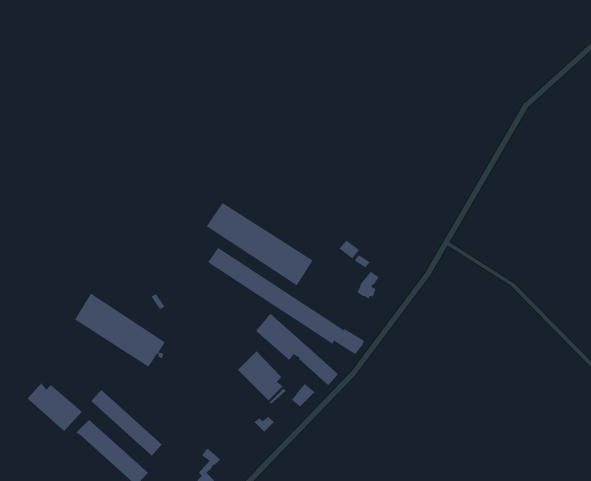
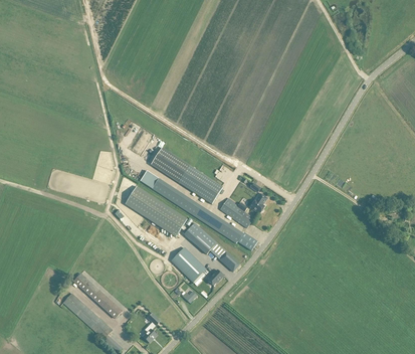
building: none -> [218,197,252,227]
building: [74,293,165,367] -> [124,185,185,235]
building: [27,383,83,432] -> none

